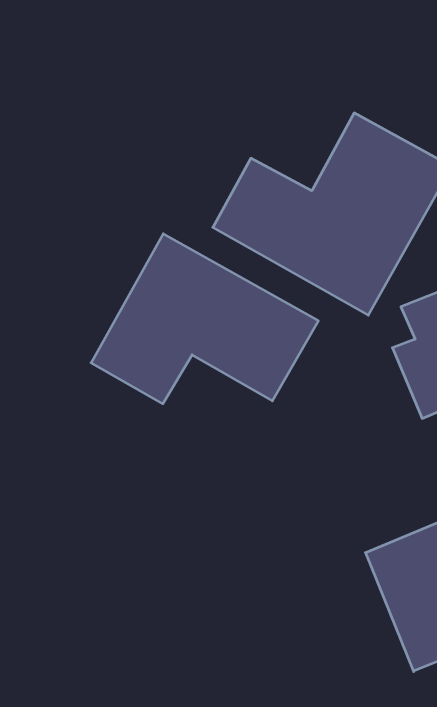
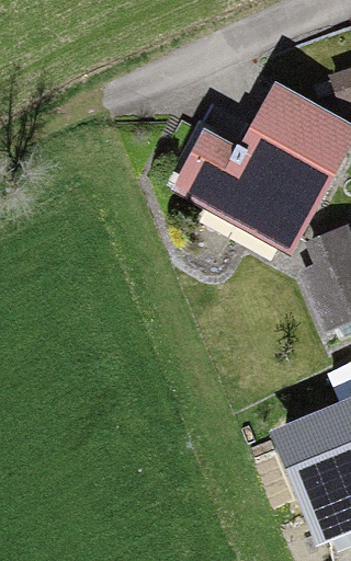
building: [91,234,318,404] -> none

